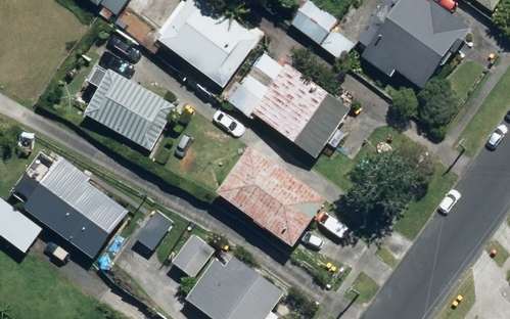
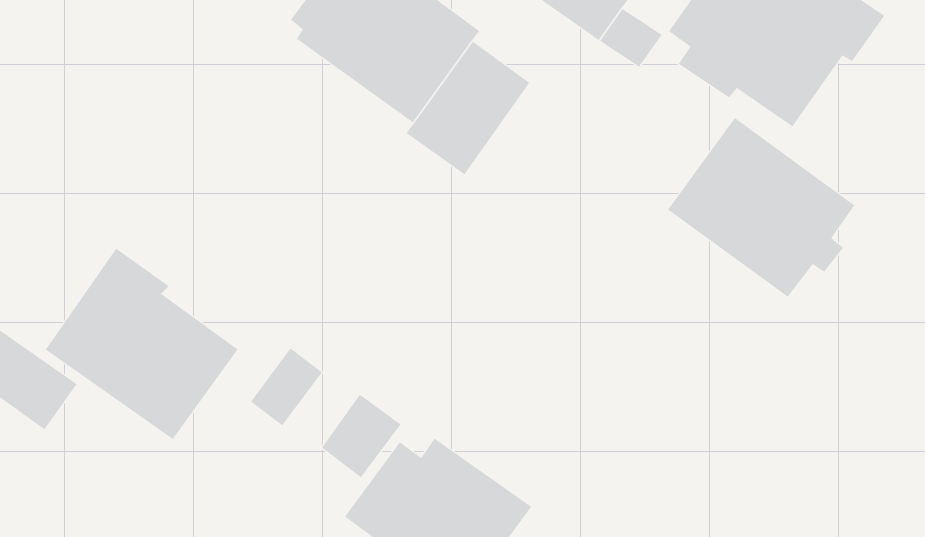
building: [250,62,351,158] -> [667,117,855,298]
building: [84,70,176,151] -> none
building: [216,146,327,248] -> none

